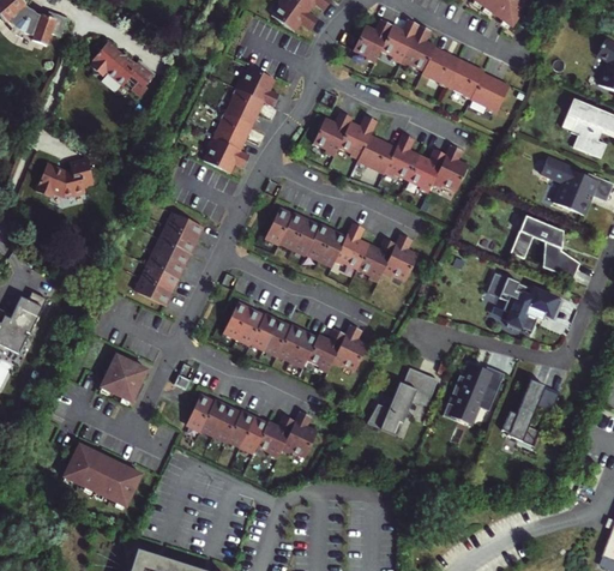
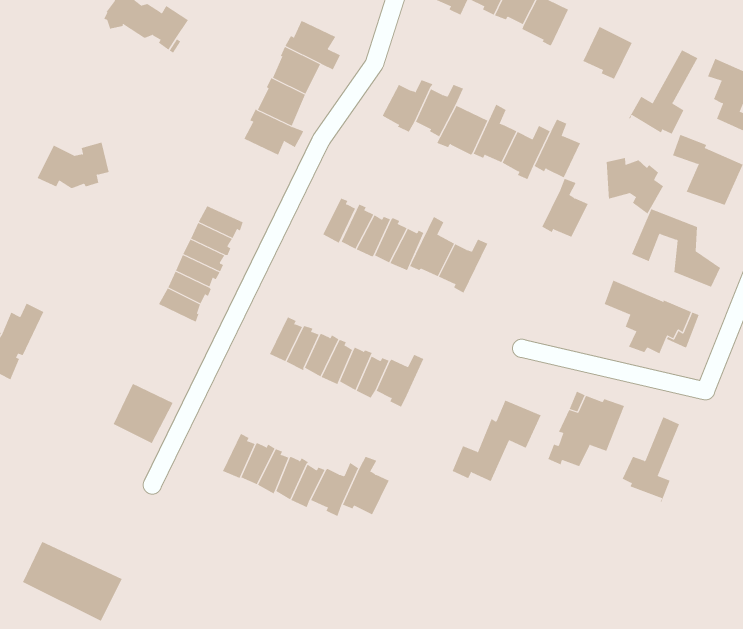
building: [446,59,484,100] -> none
building: none -> [628,49,698,134]
building: none -> [606,157,664,215]
building: [381,234,419,281] -> [541,178,589,237]
building: [332,325,368,372] -> none
building: [62,444,142,507] -> [22,541,123,622]

